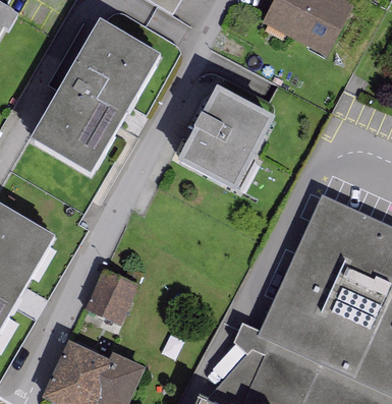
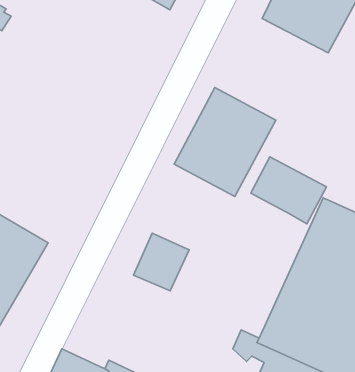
building: [30,20,160,175] -> none
building: none -> [251,157,326,224]
building: [85,266,138,322] -> [133,233,189,291]

